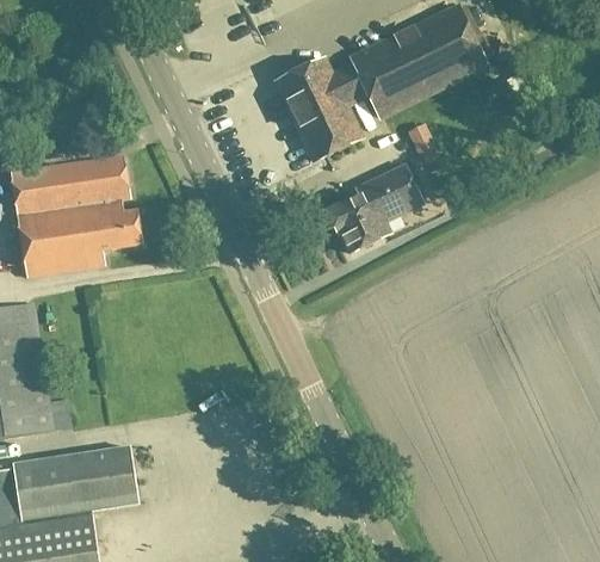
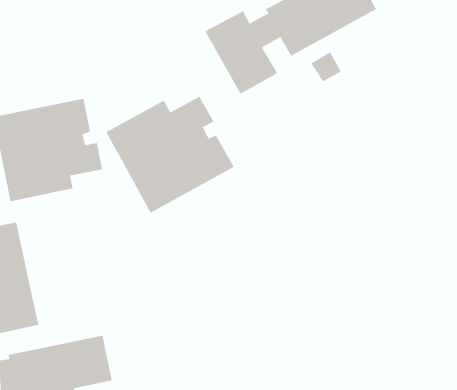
building: none -> [105,96,234,213]
building: [327,166,422,252] -> none

